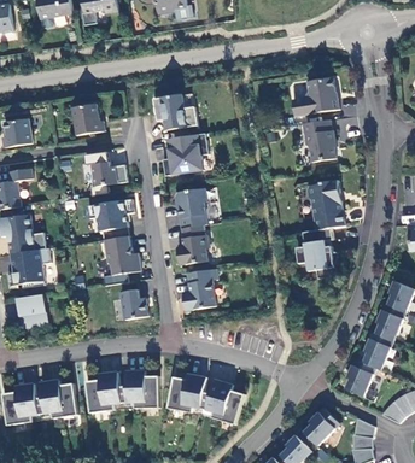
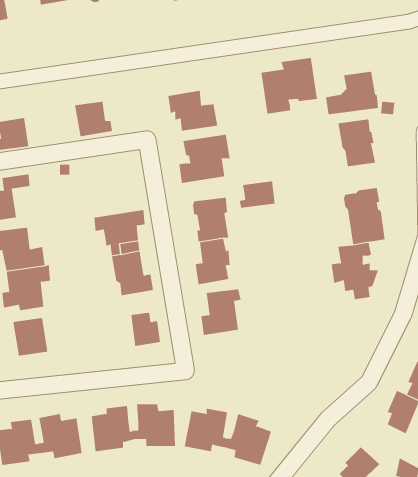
building: none -> [261,57,317,114]
building: [90,152,128,186] -> none
building: none -> [239,180,275,209]

